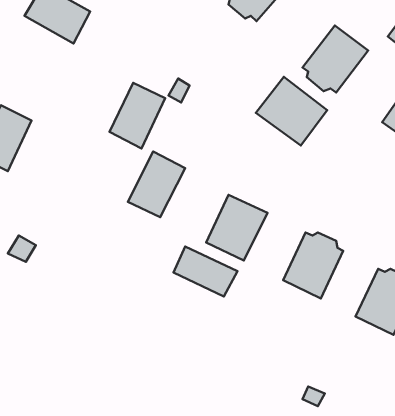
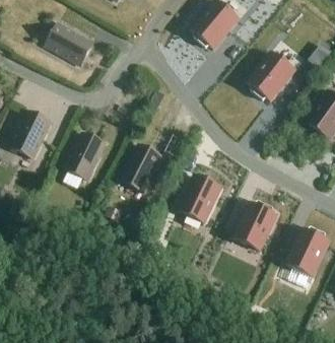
building: [256,77,327,145] -> none
building: [109,83,165,149] -> [65,132,106,180]
building: [174,247,237,297] -> none

